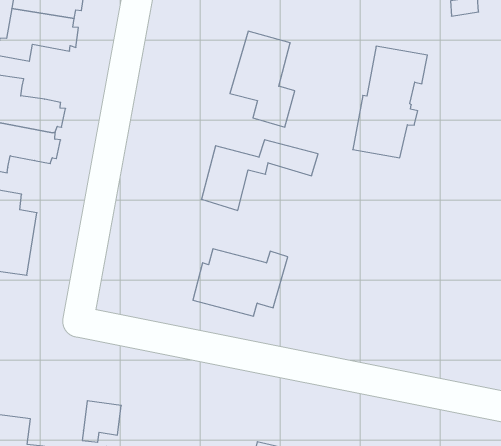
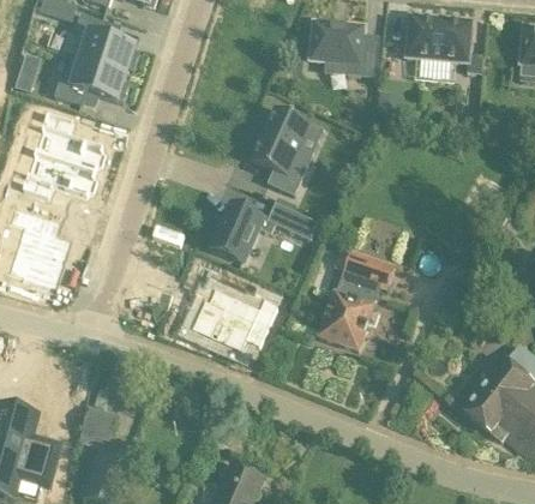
building: [353,46,427,158] -> [318,251,395,350]

